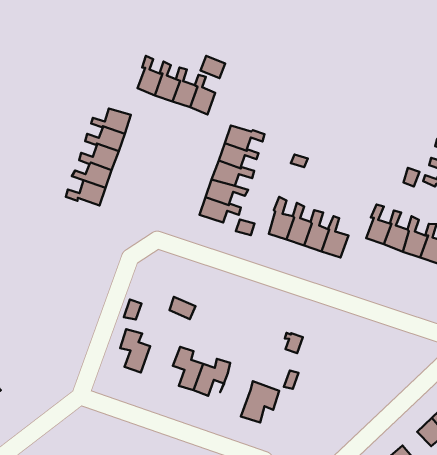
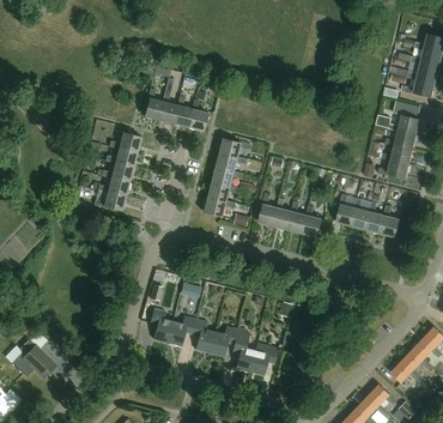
building: none -> [165,315,195,345]
building: none -> [230,326,254,370]

